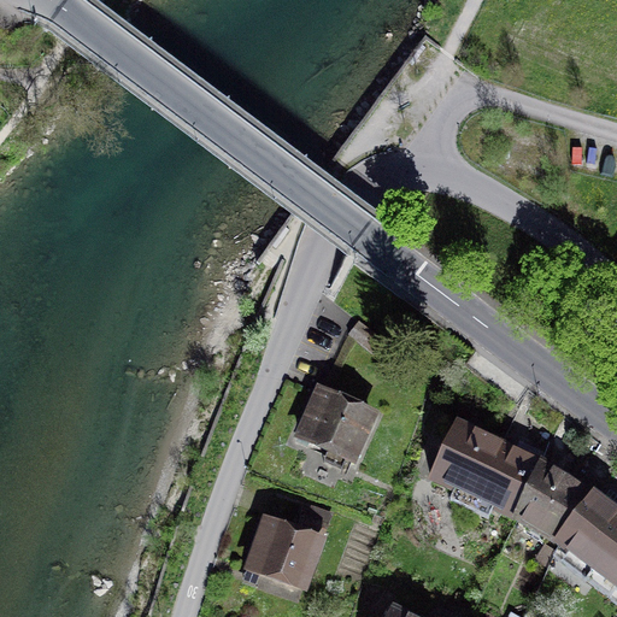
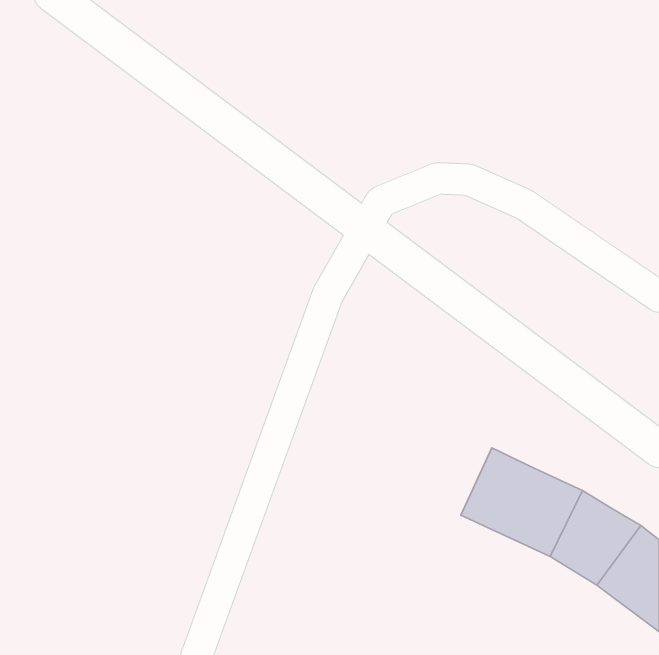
building: [294,382,380,463] -> none
building: [243,501,331,592] -> none

